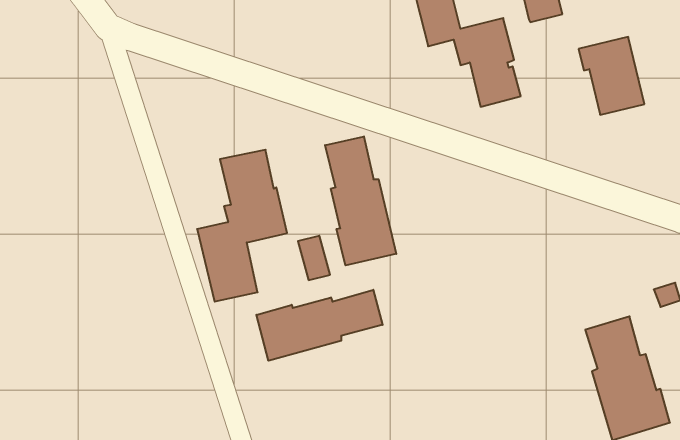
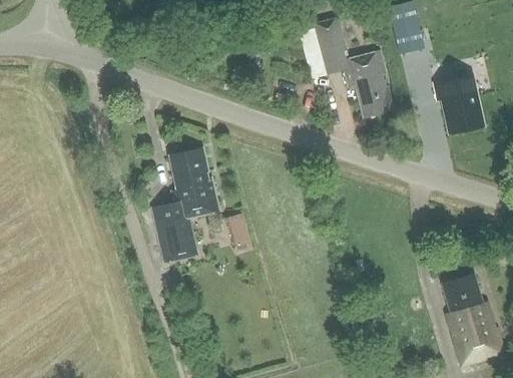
building: [325,136,396,265] -> none
building: [256,290,383,361] -> none

